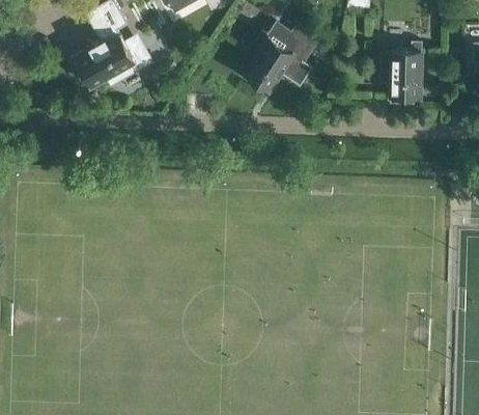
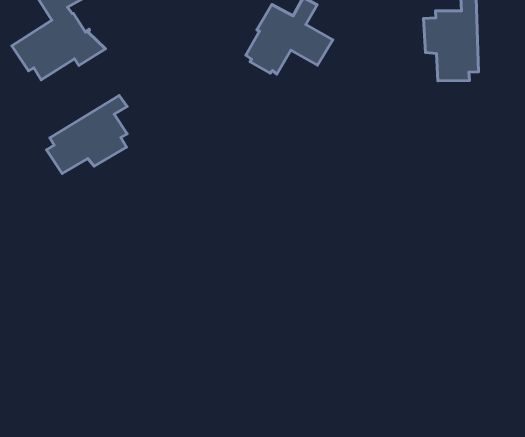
building: none -> [47,96,127,174]

